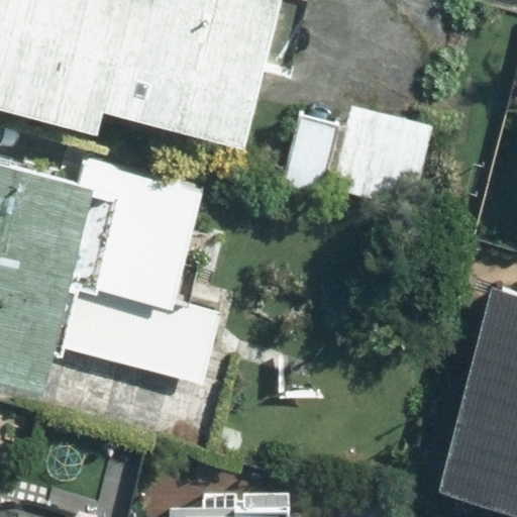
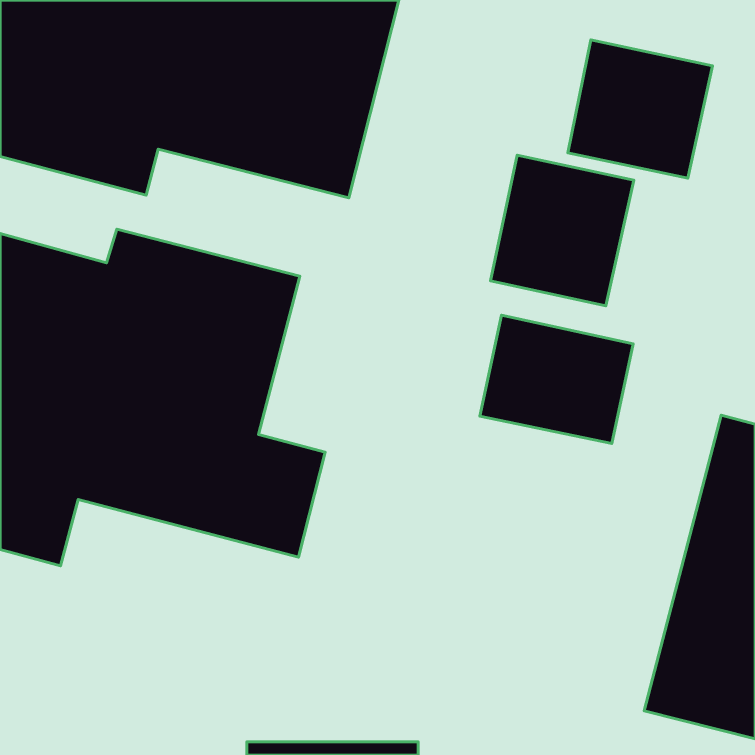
building: none -> [568,40,712,178]
building: none -> [480,315,633,444]

